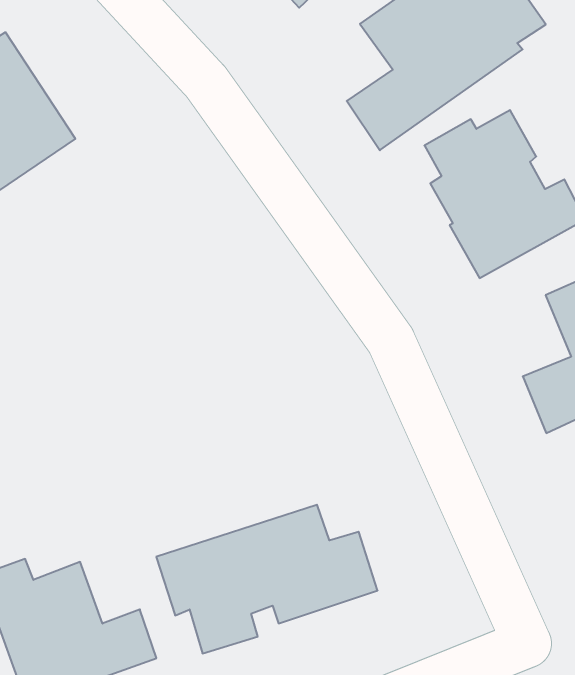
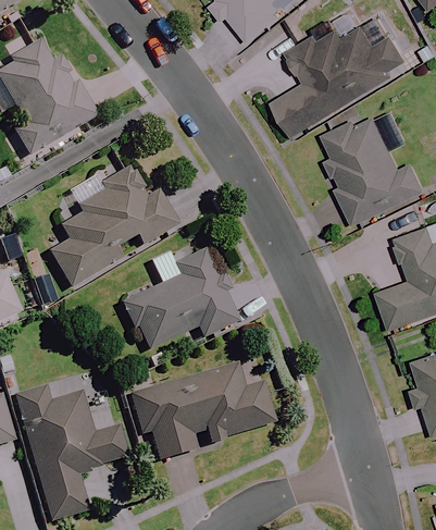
building: none -> [49,167,179,288]
building: none -> [125,251,238,349]

